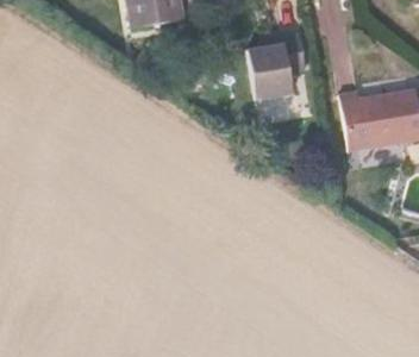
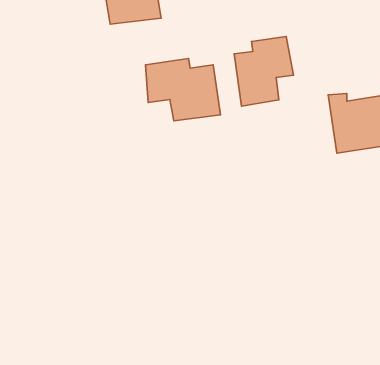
building: none -> [145,59,220,121]

